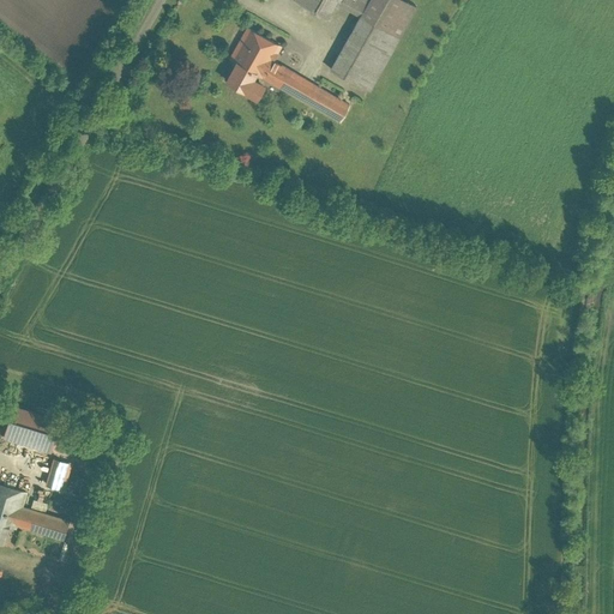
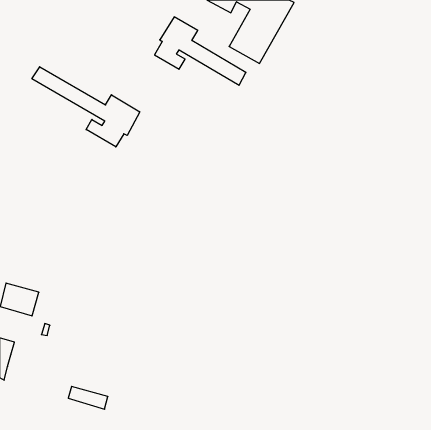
building: none -> [32,67,140,147]
building: [11,506,67,538] -> [68,386,108,409]

